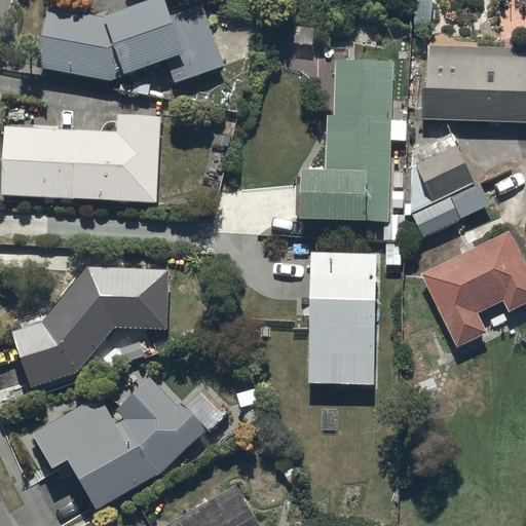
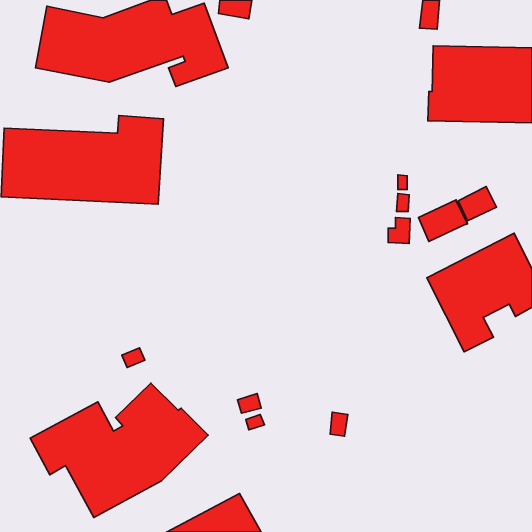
building: [298,60,407,220] -> none
building: [411,145,473,214] -> none
building: [306,254,373,384] -> none
building: [10,266,168,388] -> none

